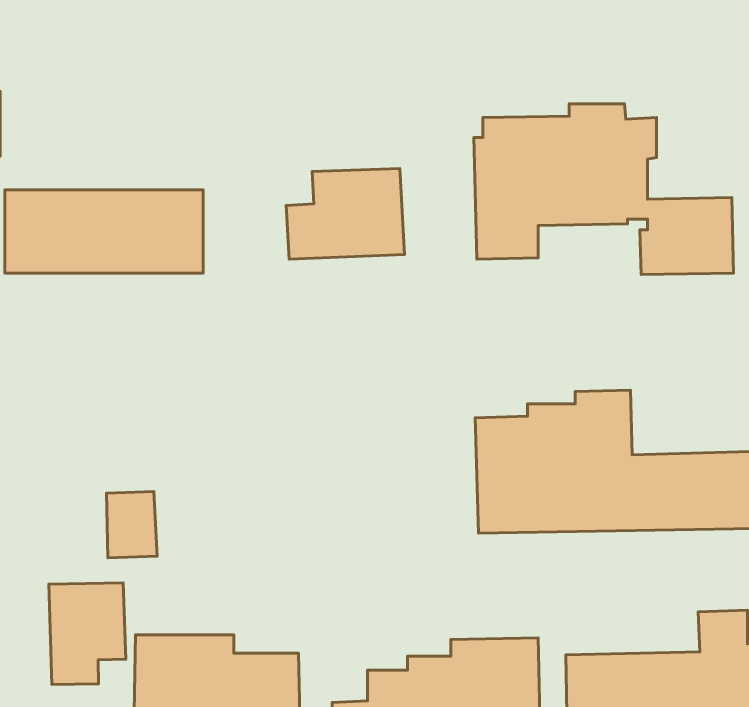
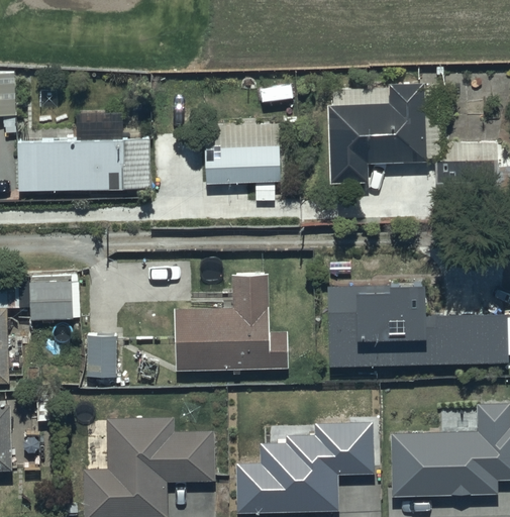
building: none -> [175,272,289,371]
building: none -> [27,275,79,320]
building: [49,583,126,685] -> none

